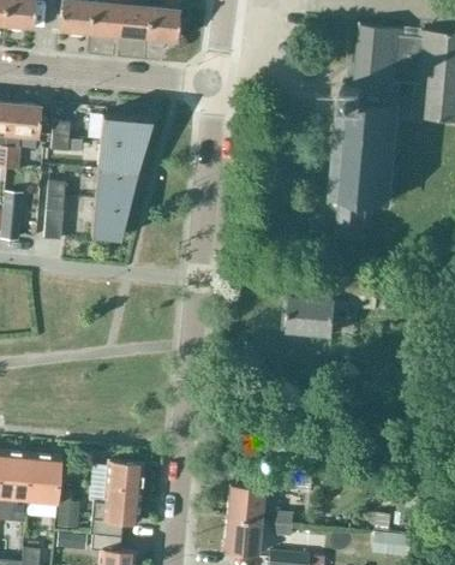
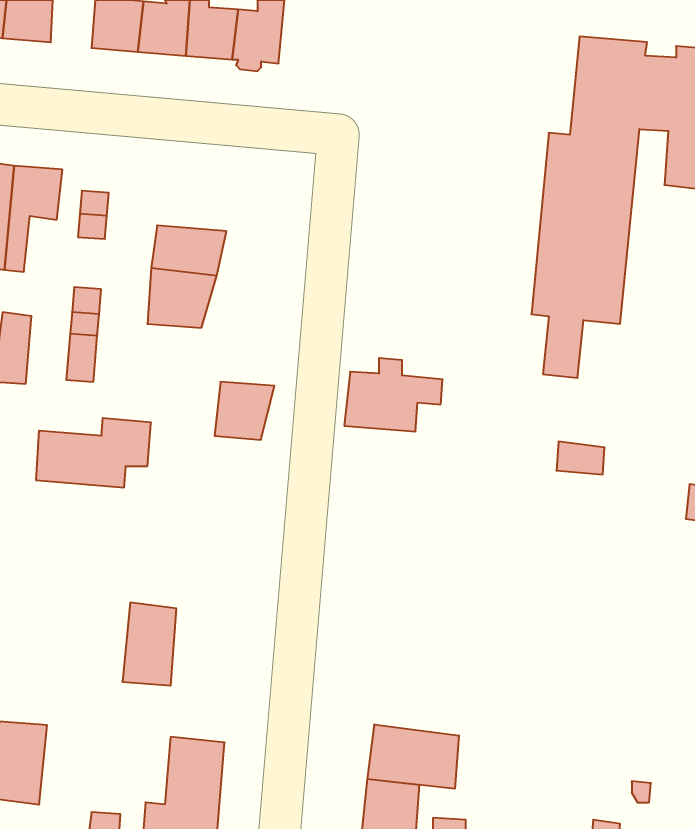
building: [100,114,150,145] -> none
building: [90,203,127,239] -> [215,382,274,440]
building: none -> [36,418,151,488]
building: [288,289,349,334] -> [344,358,443,431]
building: none -> [368,724,459,789]
building: [26,453,60,505] -> [122,603,176,686]

